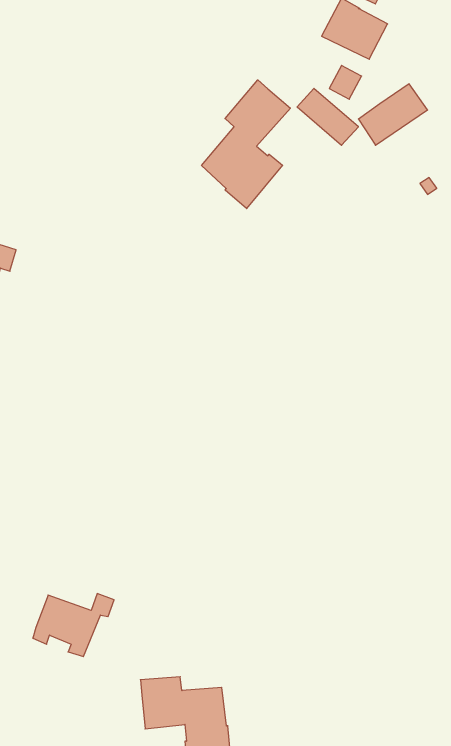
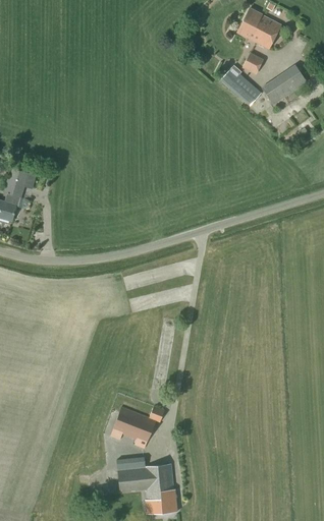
building: [202,80,290,209] -> none
building: [33,594,114,657] -> [111,406,165,448]

